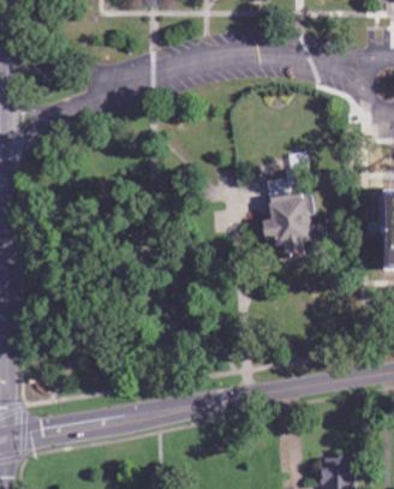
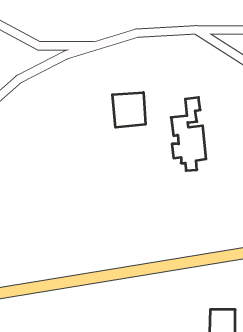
building: none -> [112,92,145,127]

